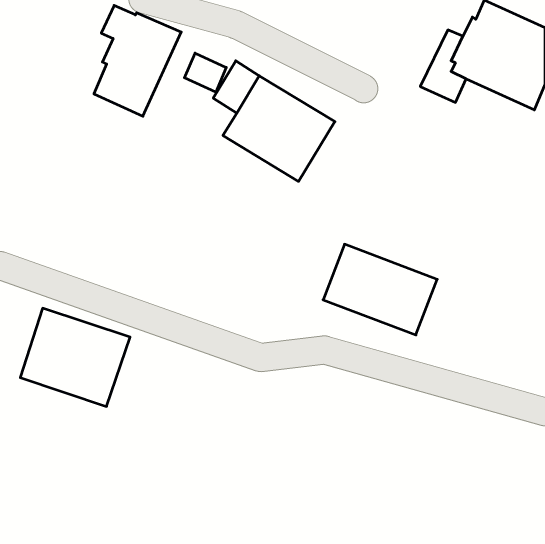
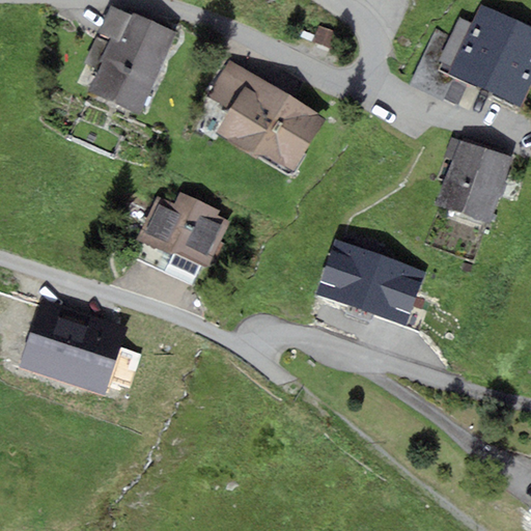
building: [184,53,226,92] -> none
building: none -> [438,137,511,222]
building: none -> [137,192,229,267]

